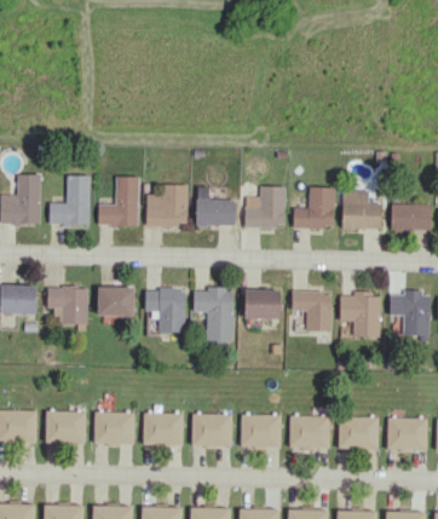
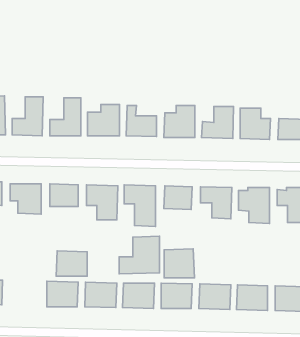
building: none -> [119,236,160,274]
building: none -> [164,249,194,278]
building: [45,410,85,443] -> [56,251,87,276]

